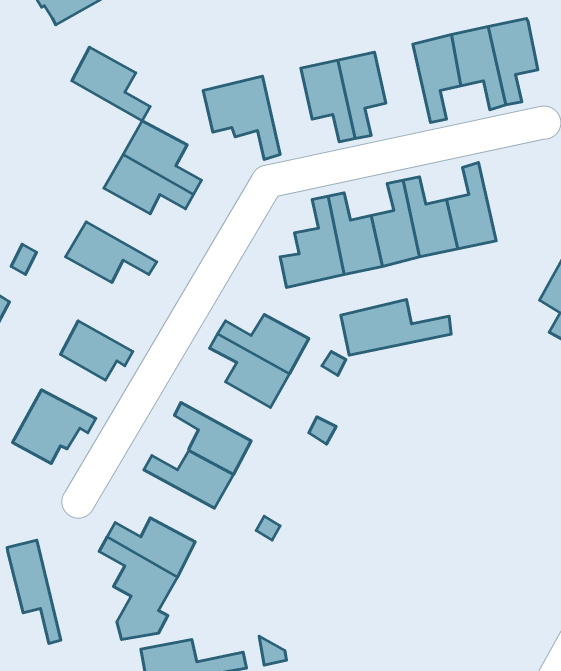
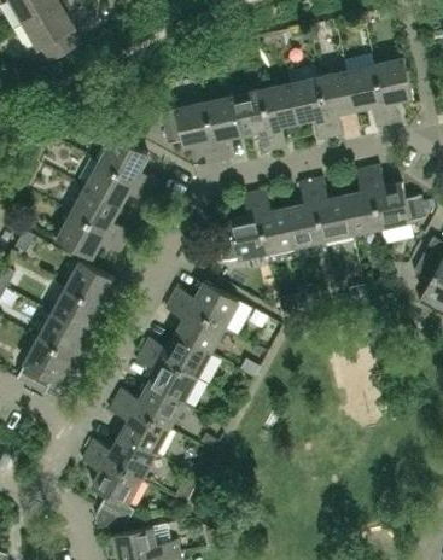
building: none -> [288,78,331,140]
building: [72,47,150,121] -> [71,187,130,243]
building: none -> [204,97,241,162]
building: none -> [367,165,424,227]
building: none -> [65,261,115,310]
building: [341,300,451,355] -> none
building: none -> [37,313,86,361]
building: none -> [142,333,210,378]
building: none -> [109,399,168,454]
building: [7,540,61,643] -> none

